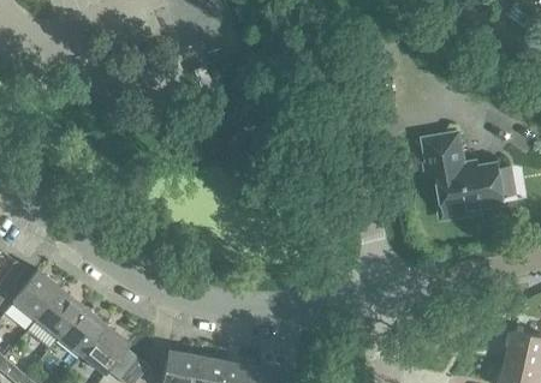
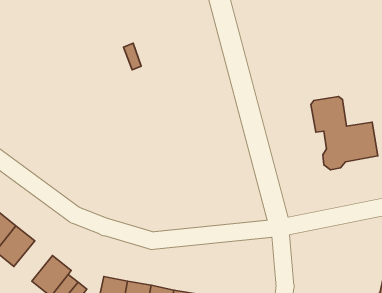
building: [58,306,105,355] -> none

